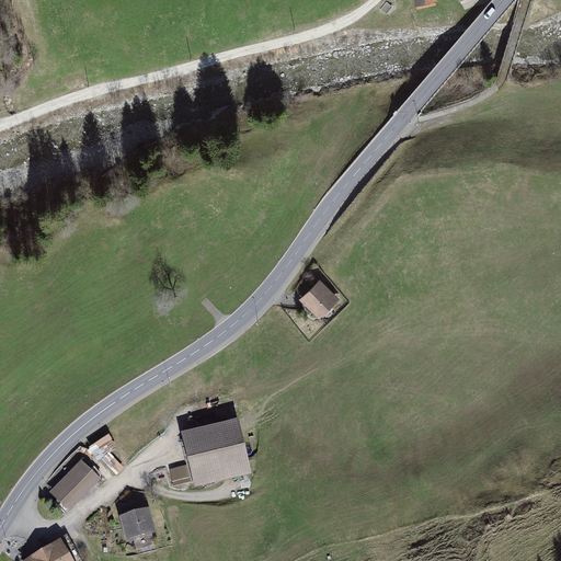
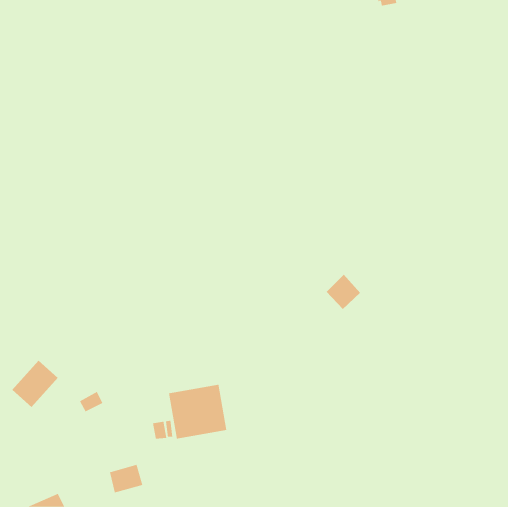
building: [300,280,339,320] -> [326,274,361,310]
building: [48,455,100,507] -> [12,360,59,408]

